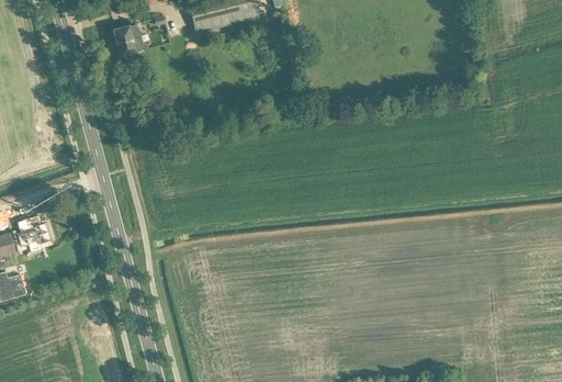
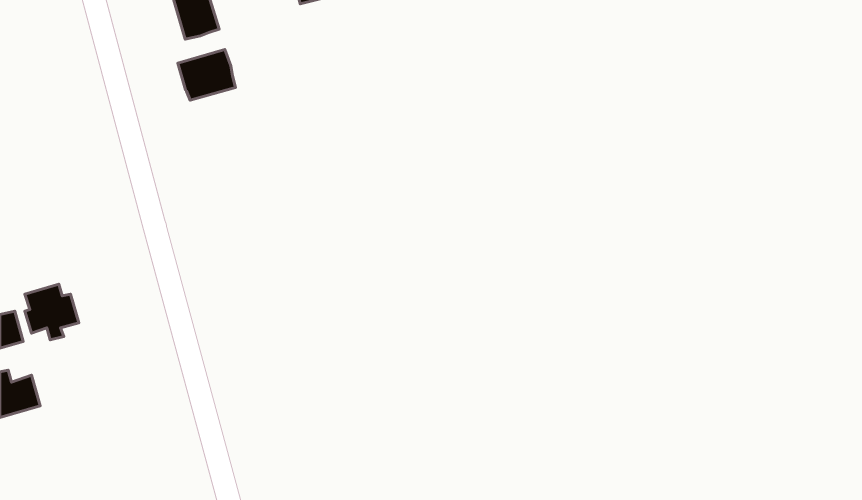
building: none -> [178,49,236,100]

